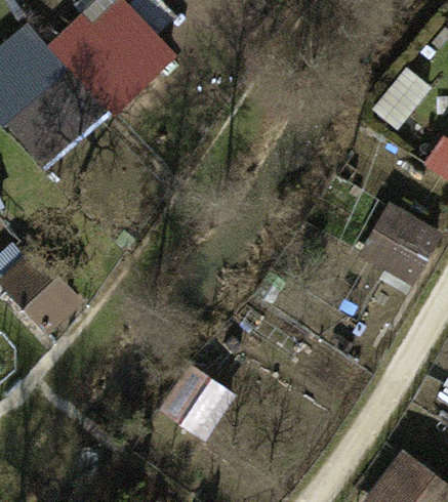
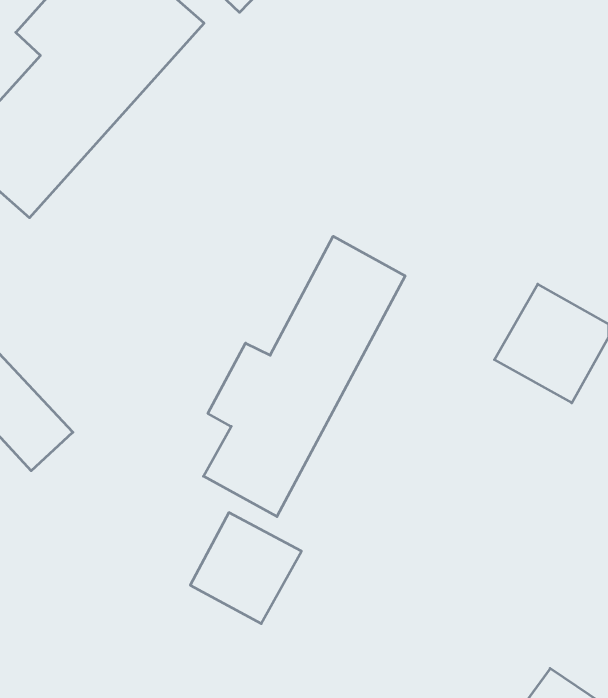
building: none -> [203,236,405,517]

